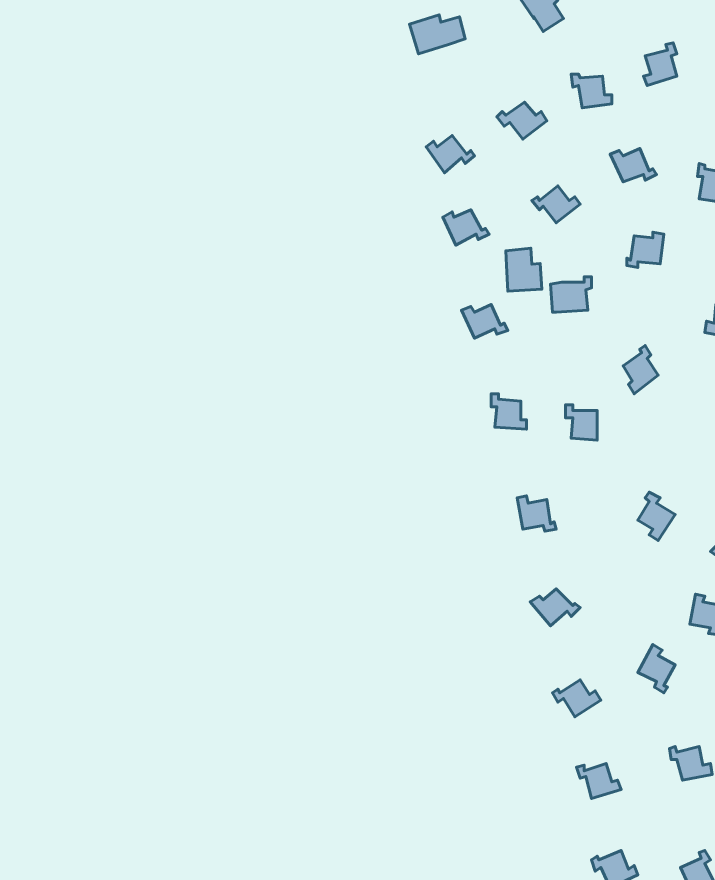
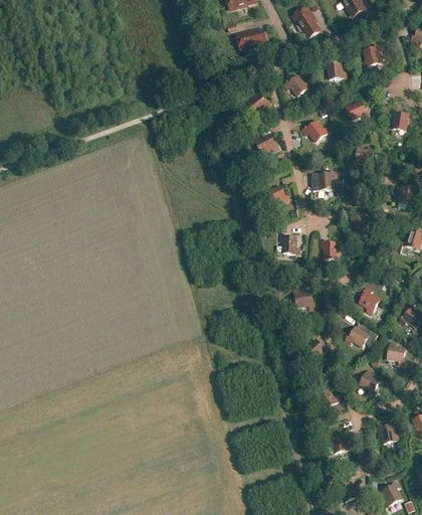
building: [506,248,542,291] -> none
building: none -> [345,323,378,346]

